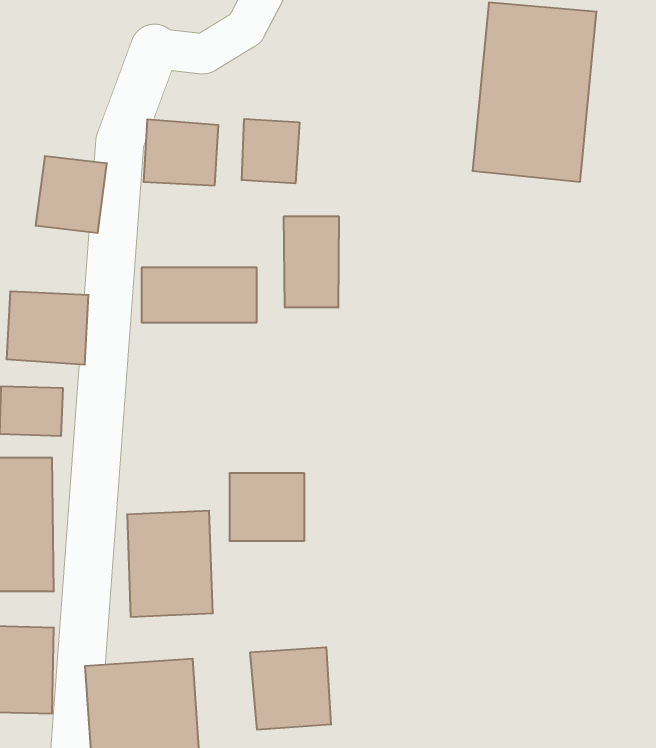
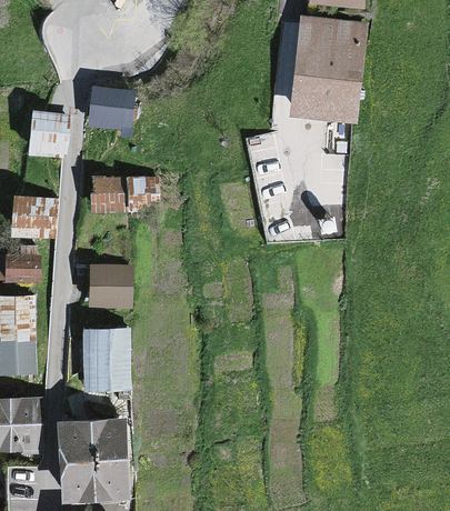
building: [242,119,299,183] -> none
building: [284,216,339,308] -> none
building: [229,473,304,541] -> [86,265,131,307]
building: [250,647,331,730] -> none

